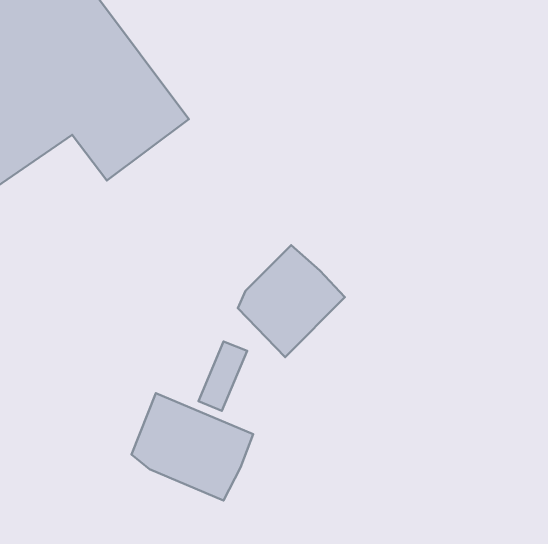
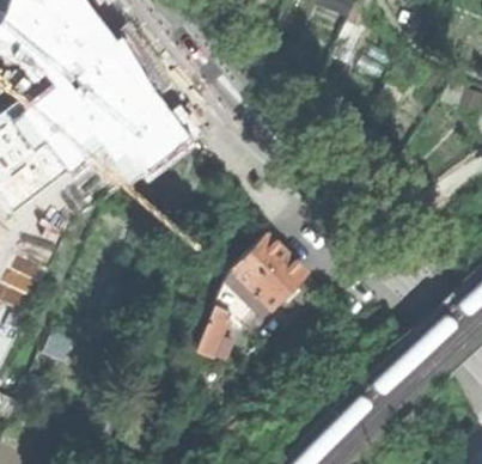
building: [131,393,253,501] -> none

